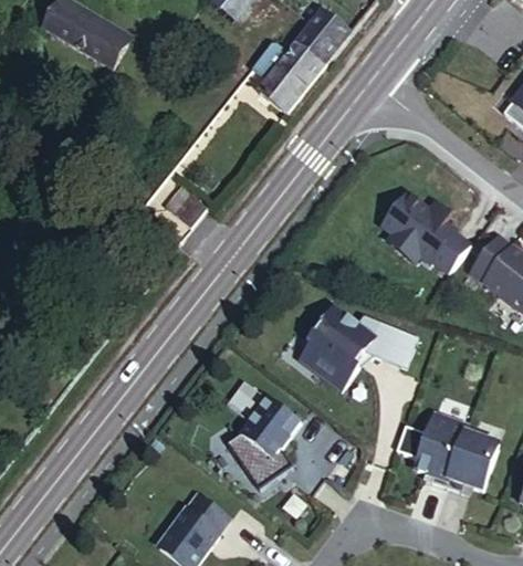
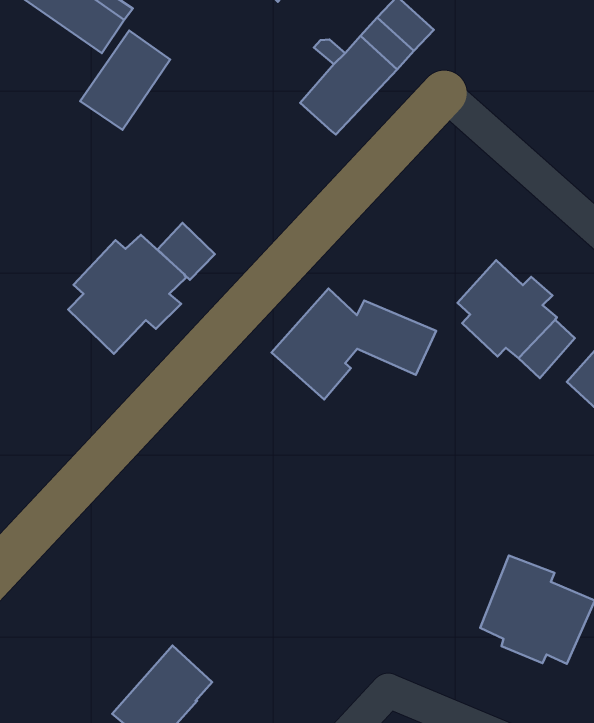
building: none -> [80,30,170,130]
building: none -> [68,235,186,354]
building: [297,304,416,385] -> [272,289,436,400]
building: [224,394,300,485] -> none

